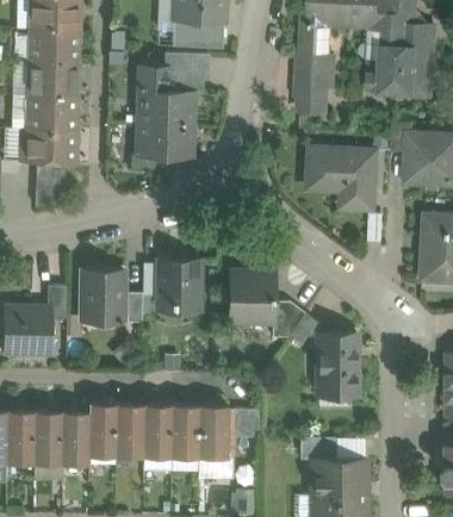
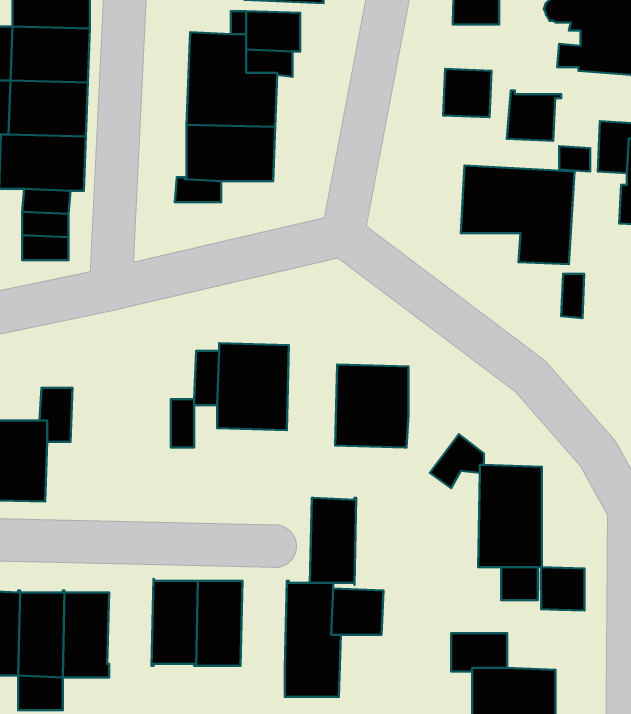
building: [297,60,330,91] -> [507,90,561,141]
building: [82,269,123,323] -> none
building: [272,303,305,338] -> none
building: none -> [541,567,585,610]
building: [88,404,117,457] -> none
building: [170,405,199,459] -> [310,498,356,585]

